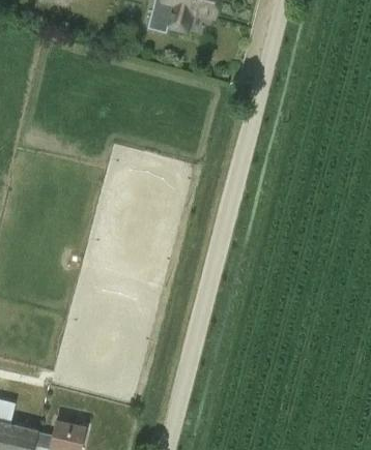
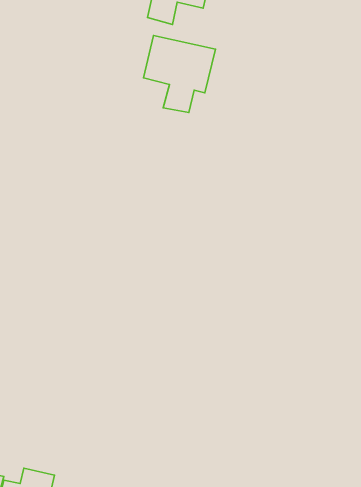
building: none -> [143,35,215,113]

